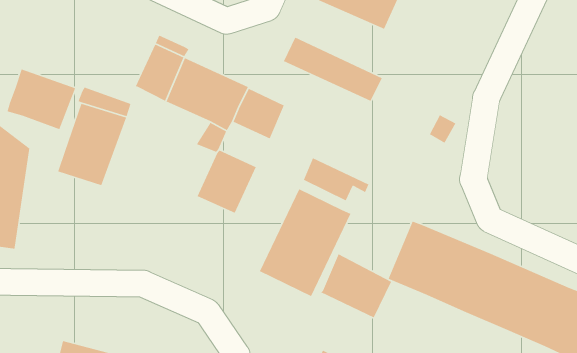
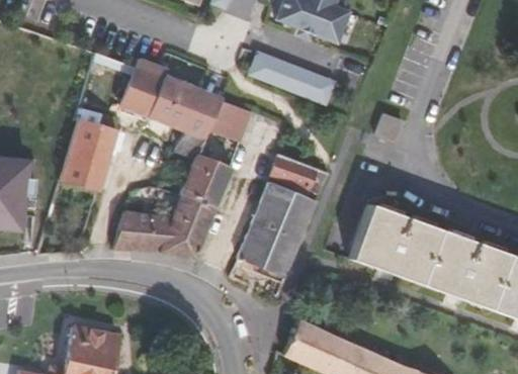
building: [6,68,76,130] -> none
building: none -> [114,195,215,257]
building: [320,253,392,319] -> none

